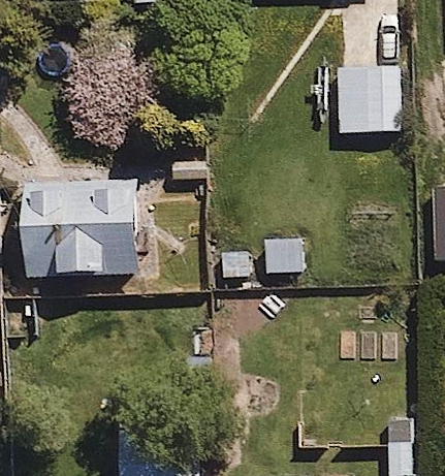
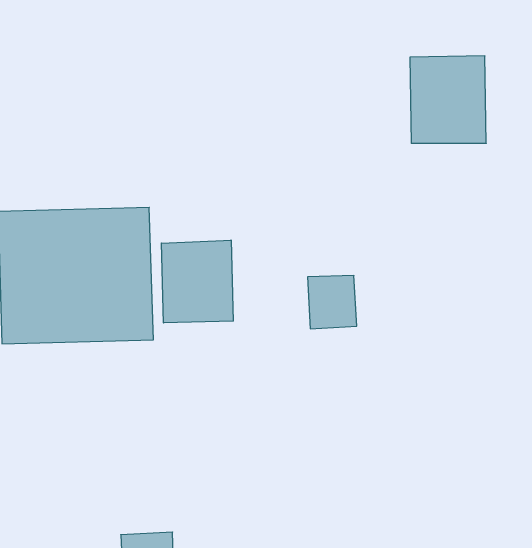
building: none -> [161,240,233,323]

